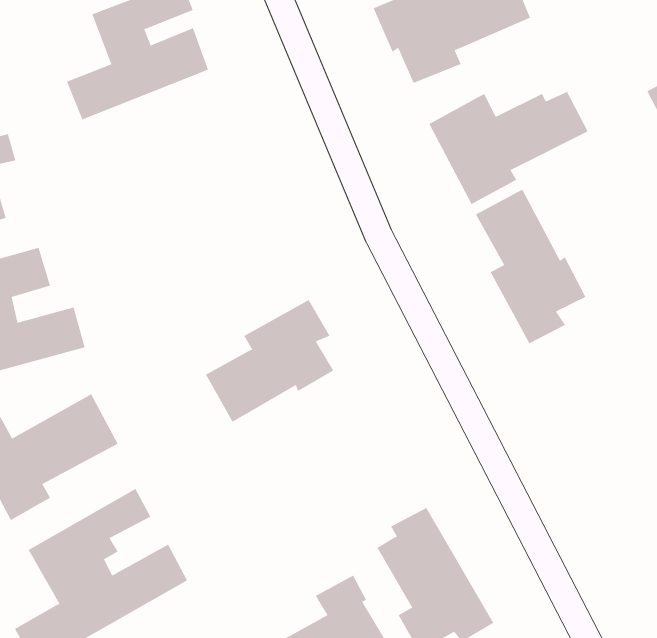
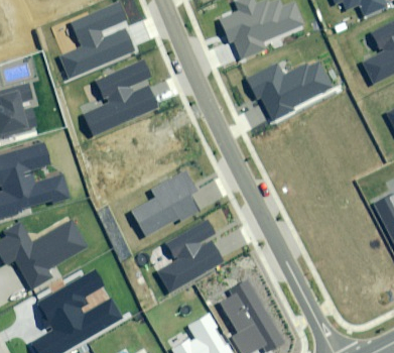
building: none -> [85,61,158,134]
building: [475,189,586,344] -> none
building: none -> [157,219,223,290]

